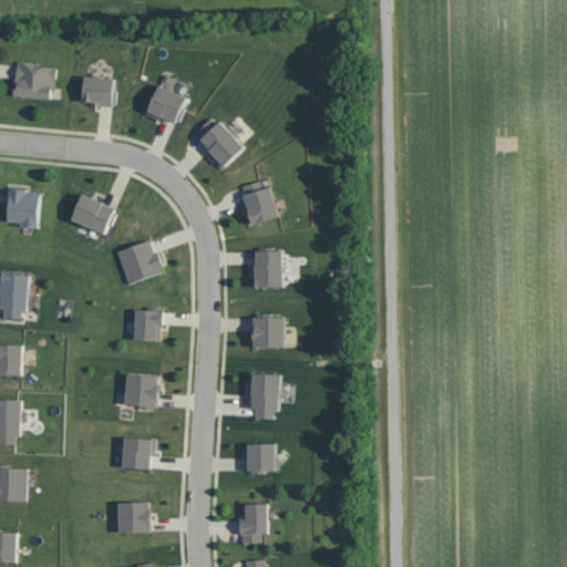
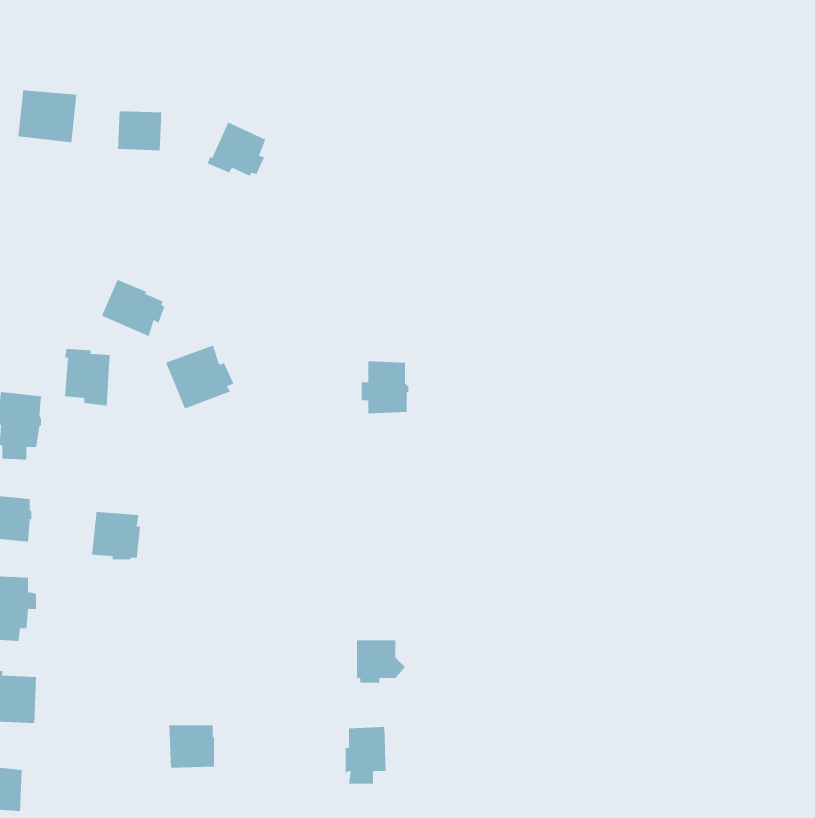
building: [195,117,243,169] -> none
building: [240,181,276,225] -> none
building: [7,188,39,228] -> [64,349,111,406]
building: [132,309,162,340] -> none
building: [250,317,282,348] -> none
building: [246,372,280,419] -> none
building: [123,374,157,408] -> [91,512,141,560]
building: [121,437,155,468] -> none

